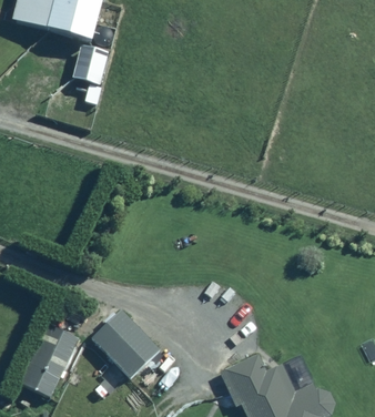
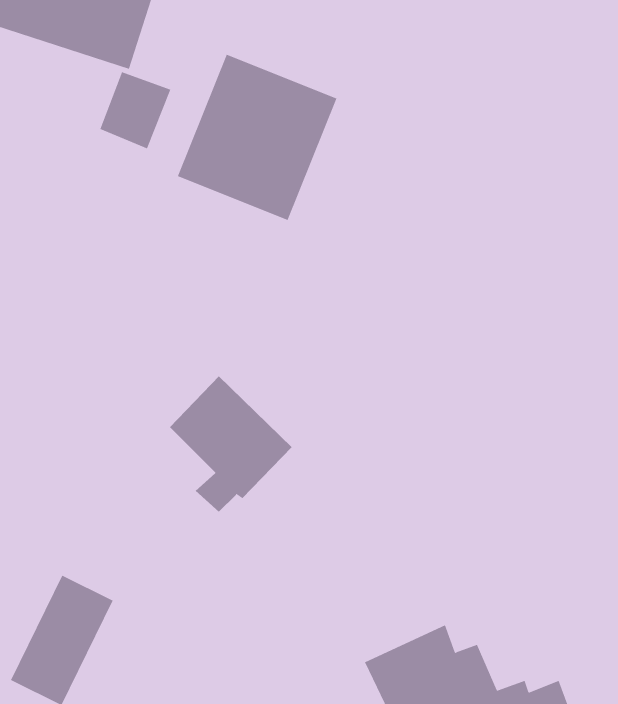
building: none -> [177,54,337,221]
building: [93,306,162,383] -> [169,375,292,513]

